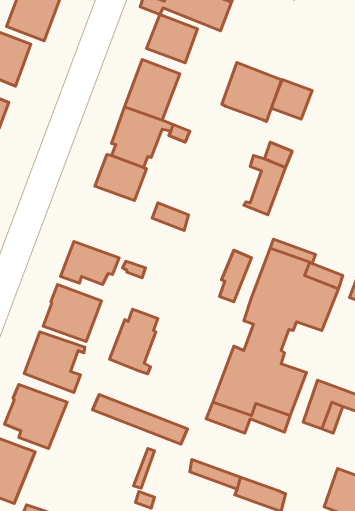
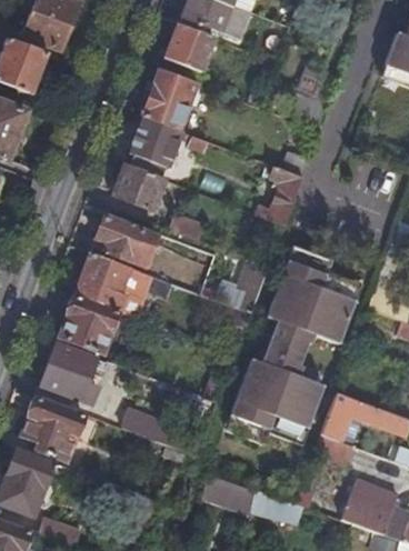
building: [222,63,282,121] -> none
building: none -> [92,216,150,268]
building: [110,309,158,374] -> none

